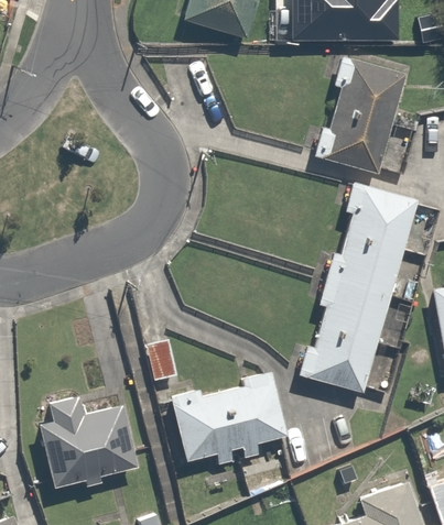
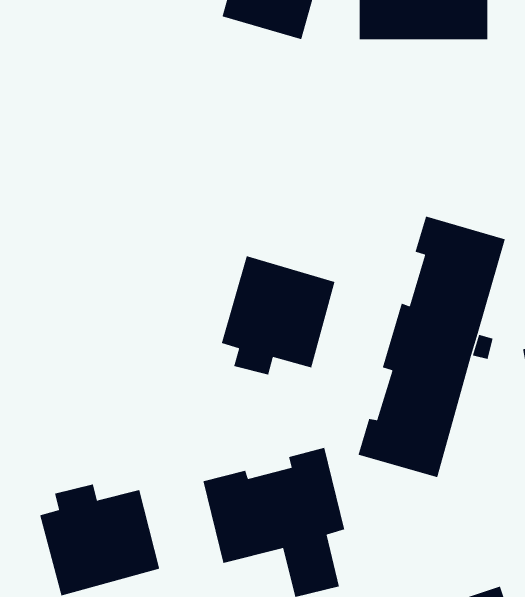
building: [313,55,405,174] -> none
building: none -> [221,255,336,376]

